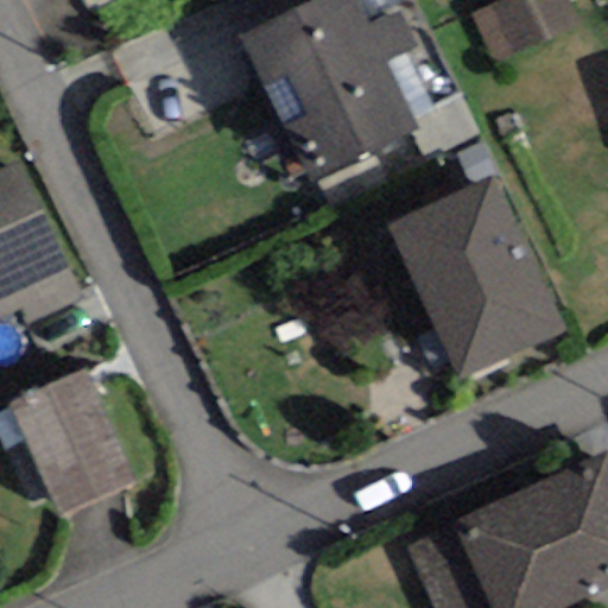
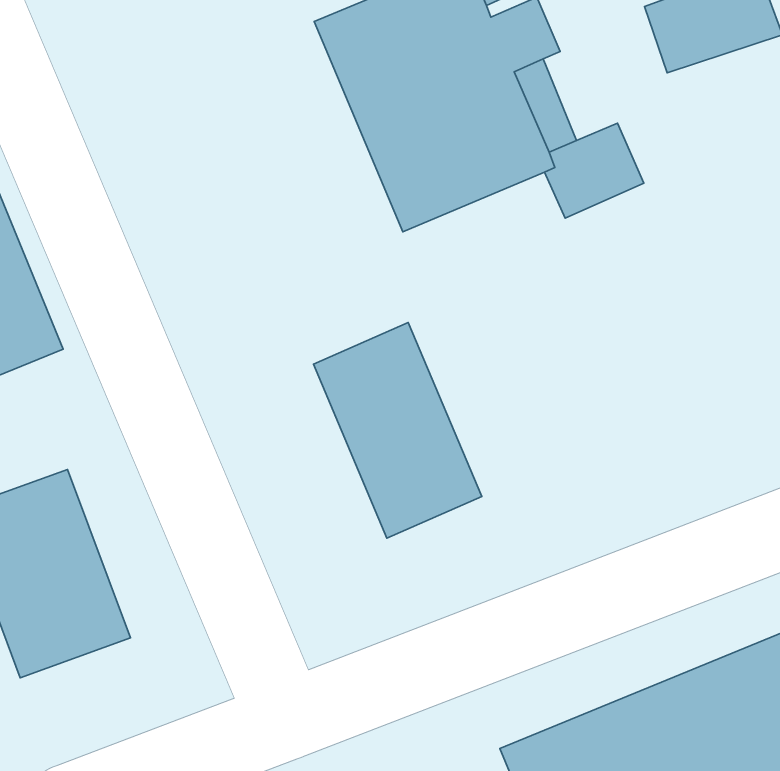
building: [385,176,568,381] -> none
building: none -> [313,323,482,538]

